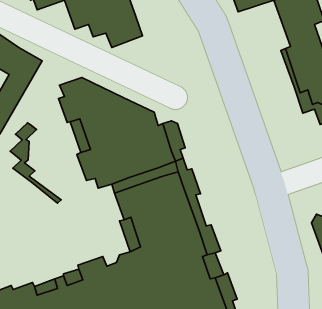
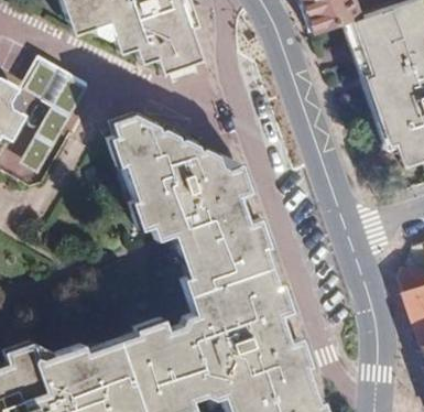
building: [10,123,61,203] -> none

